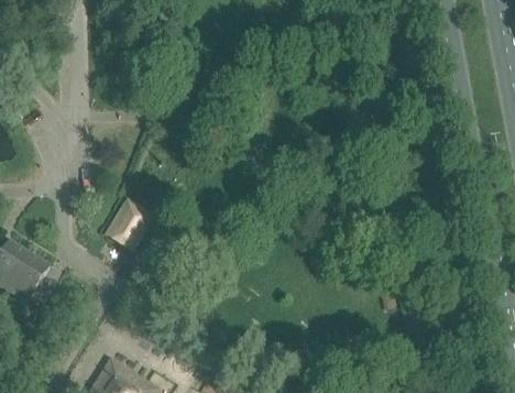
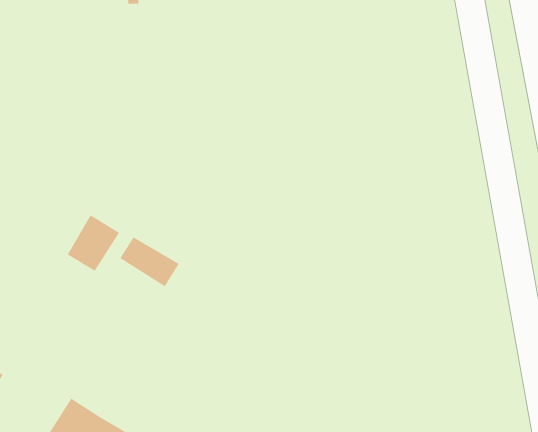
building: none -> [119,236,179,287]

